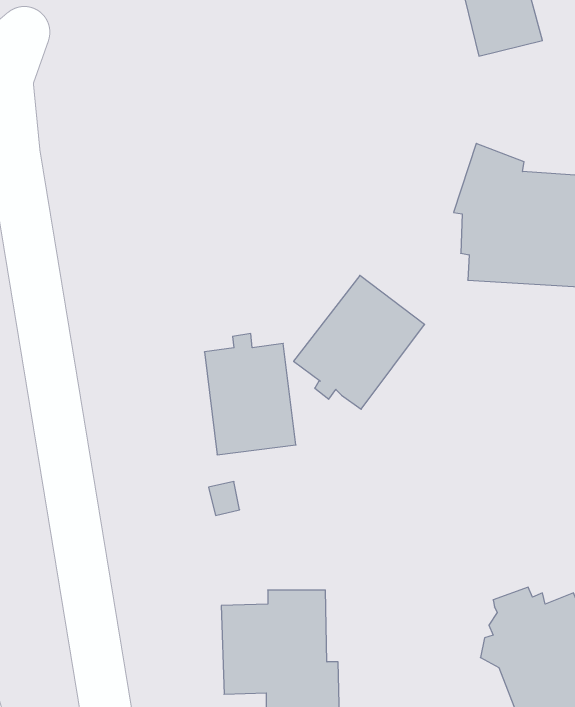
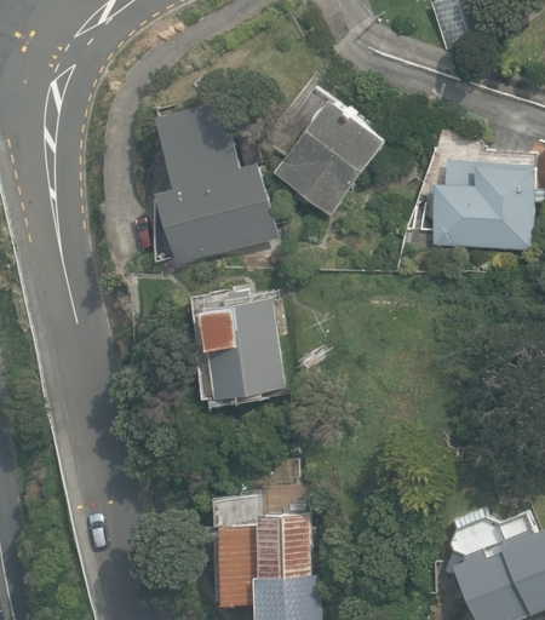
building: none -> [154,101,277,264]
building: [294,275,425,409] -> [274,99,386,214]

